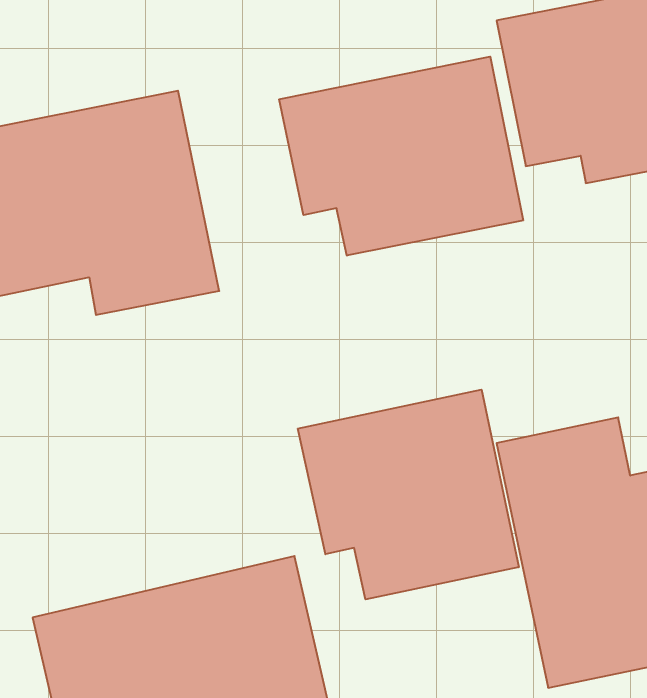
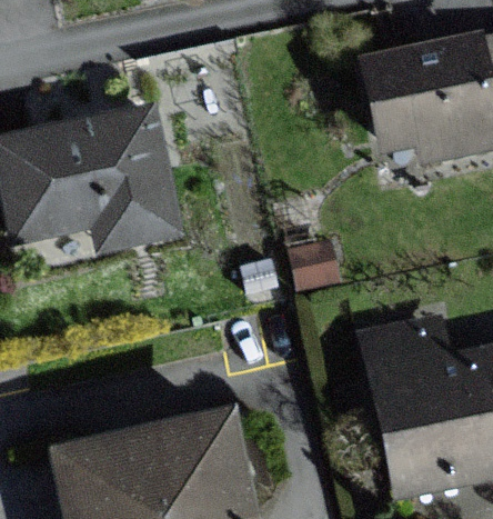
building: [279,57,523,256] -> none
building: [298,390,519,599] -> none

